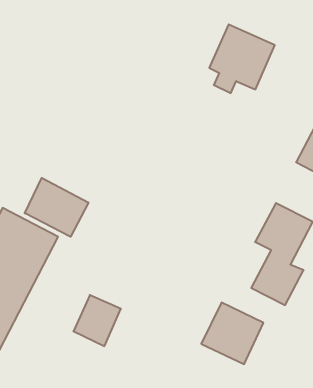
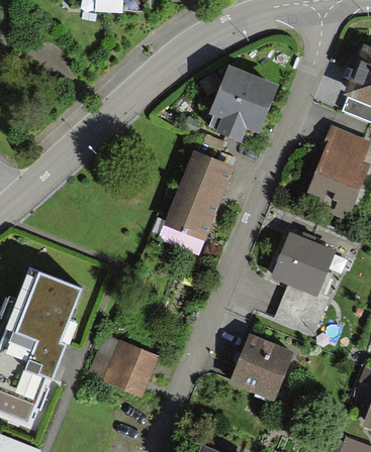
building: none -> [165,153,227,249]
building: [25,178,88,237] -> none

